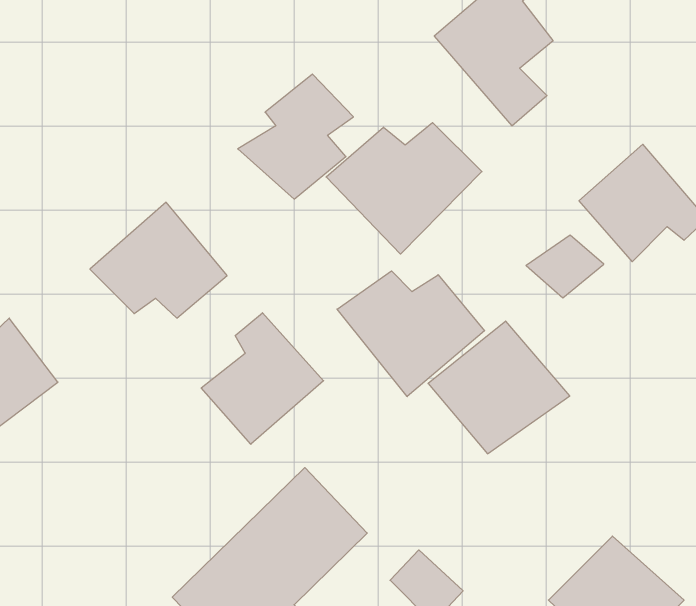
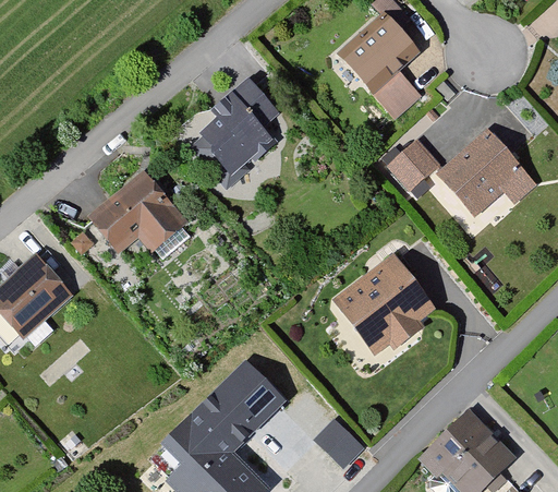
building: [326,123,482,254] -> none
building: [526,235,604,298] -> [384,143,439,188]
building: [337,271,485,397] -> none
building: [201,313,324,444] -> none

